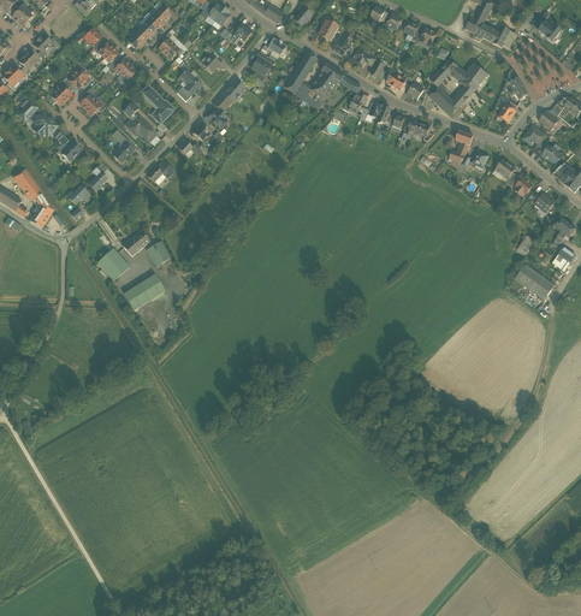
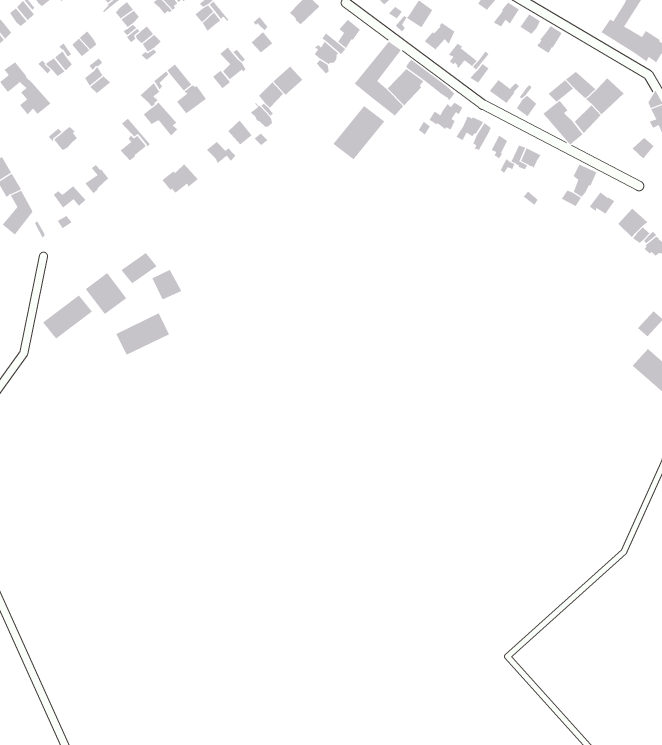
building: none -> [333,105,385,160]
building: none -> [42,294,93,339]

